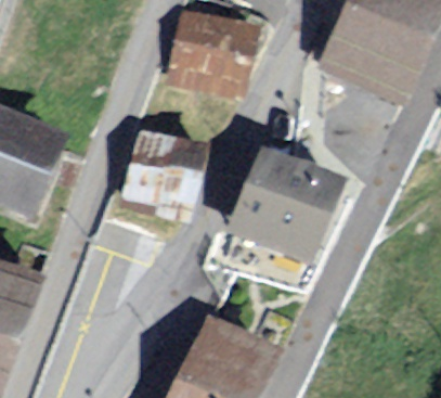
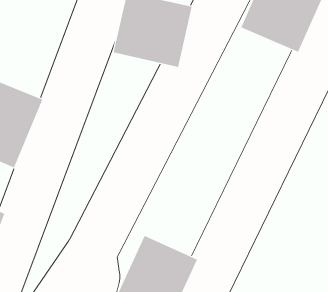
building: [117,130,210,227] -> none
building: [231,142,334,248] -> none

